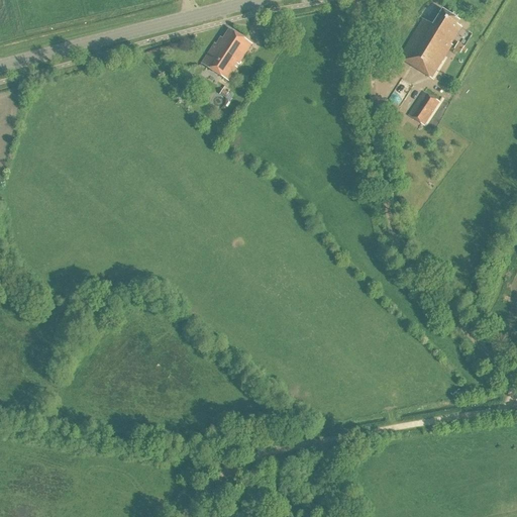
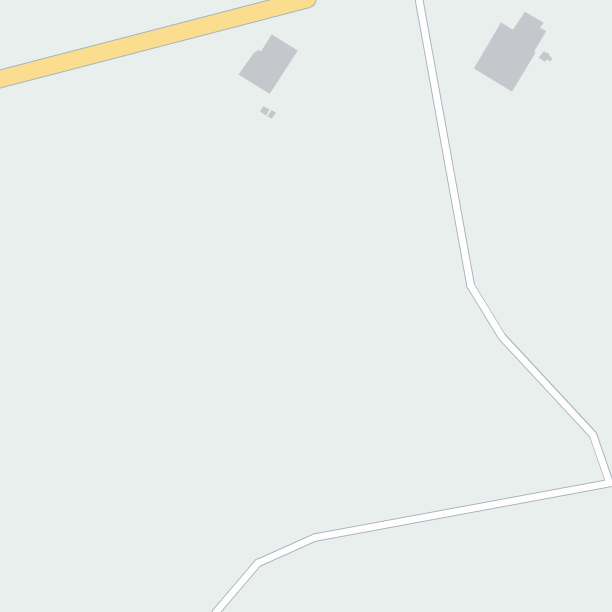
building: [407,92,439,126] -> none

